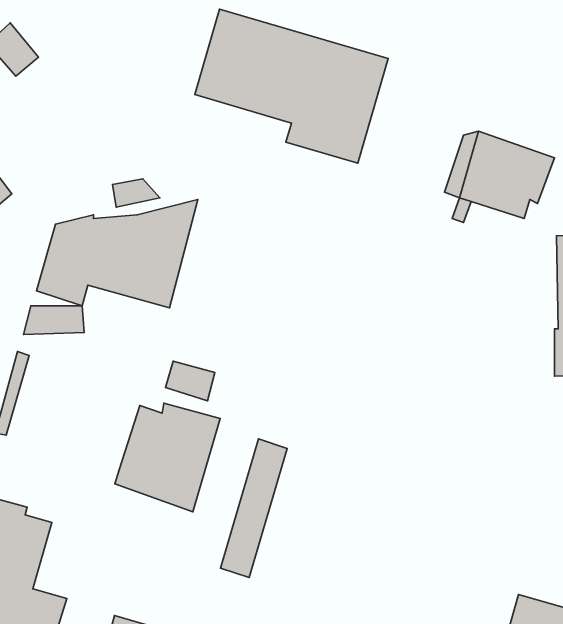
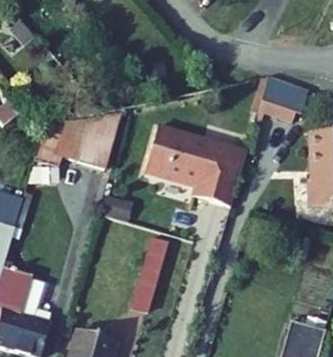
building: [195,9,388,163] -> [144,124,247,206]
building: [115,403,220,512] -> none

